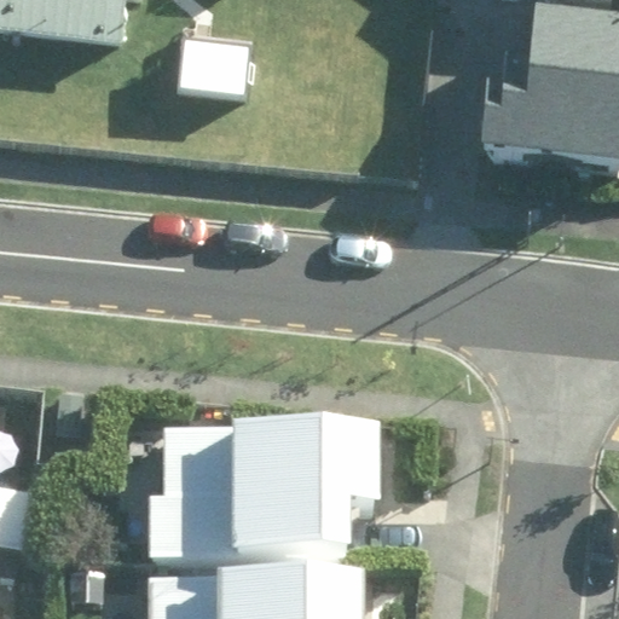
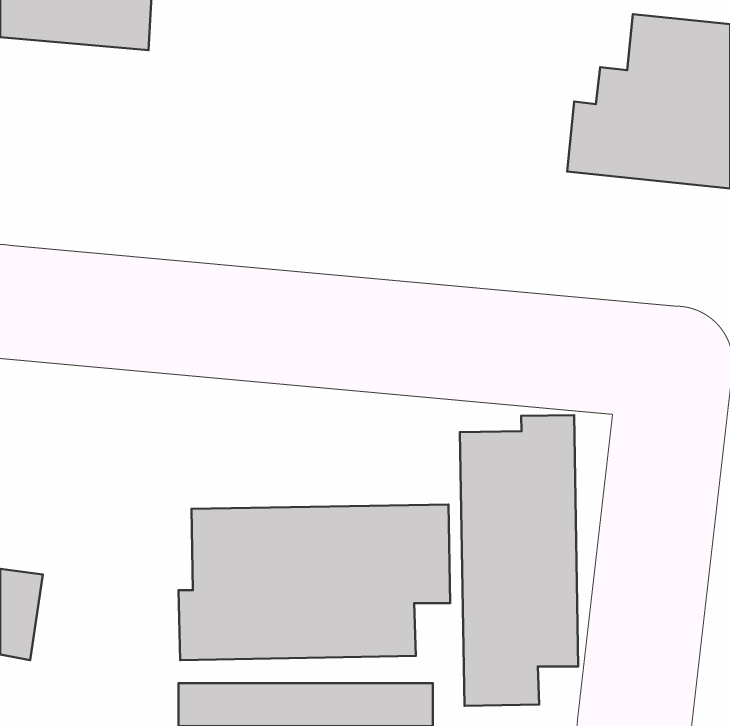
building: none -> [460,415,578,706]

